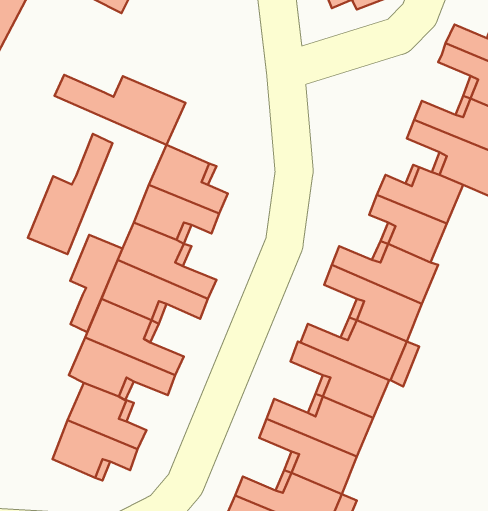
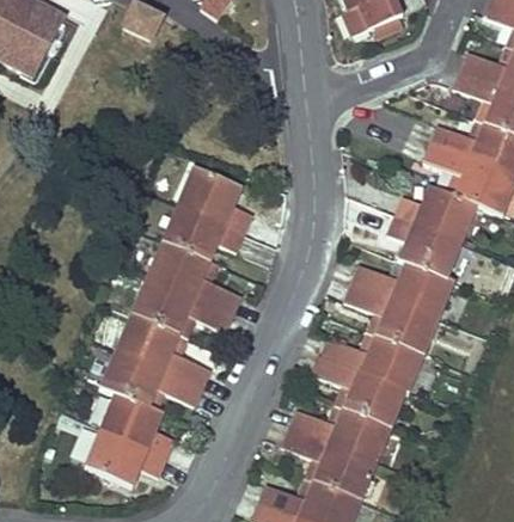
building: [55,75,186,145] -> none
building: [28,134,112,254] -> none
building: [70,235,122,332] -> none

